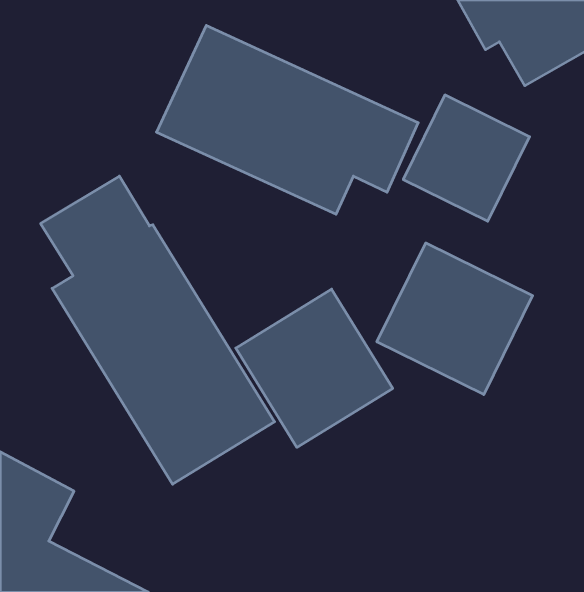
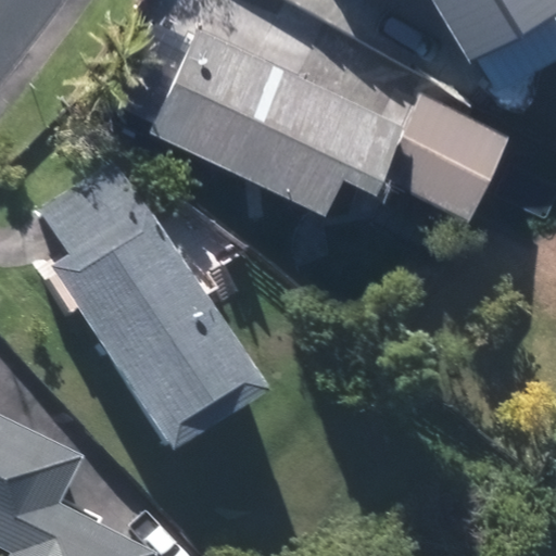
building: [377,243,533,395] -> none
building: [236,289,393,447] -> none

